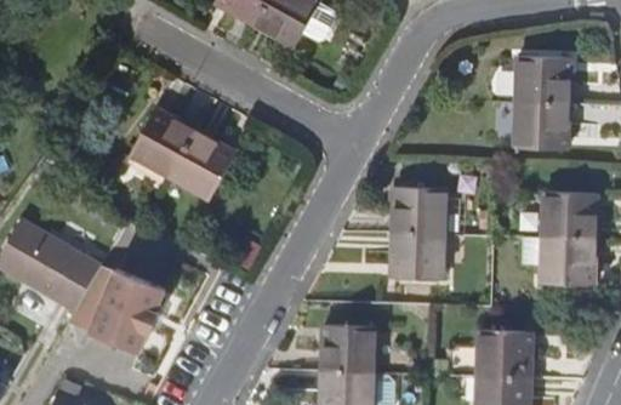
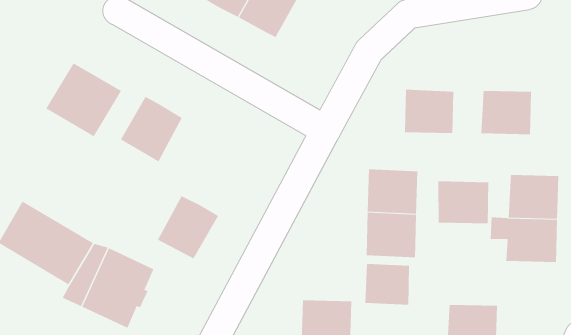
building: [515,56,569,103] -> [404,89,454,133]
building: none -> [45,63,122,137]
building: [170,131,235,199] -> [157,195,219,259]
building: none -> [438,181,489,224]
building: none -> [365,263,409,306]

